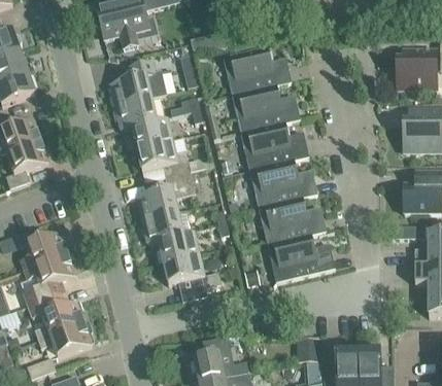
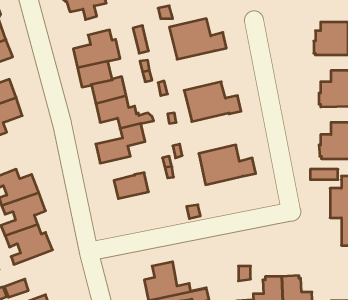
building: [232,83,300,131] -> none
building: [249,157,316,206] -> none
building: [140,207,192,241] -> none
building: [266,233,334,281] -> none
building: [162,251,219,289] -> none
building: [37,320,92,355] -> none

